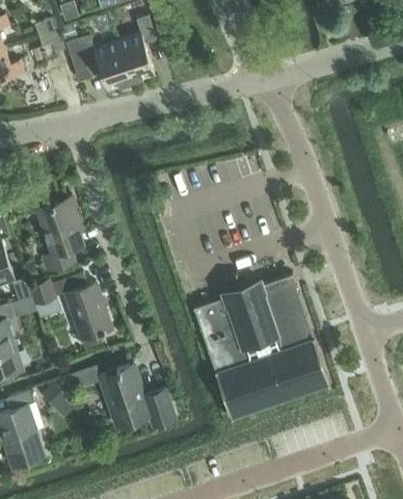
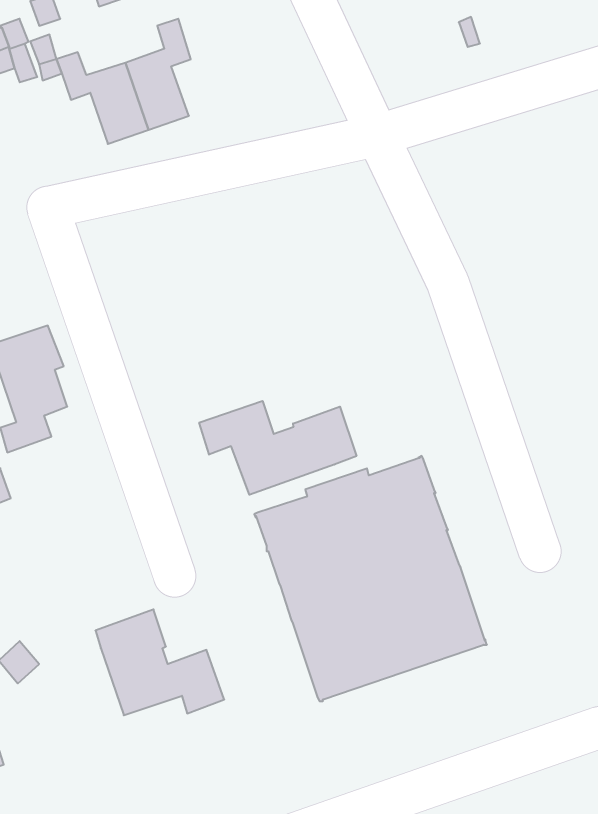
building: none -> [199,401,356,495]
building: [50,273,111,350] -> none

